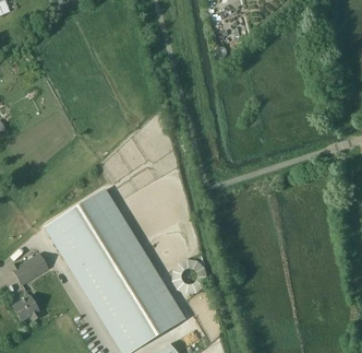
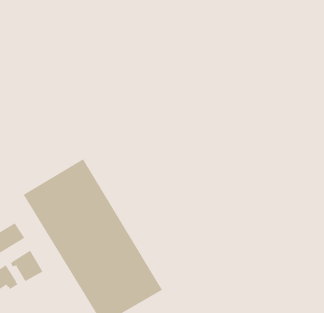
building: none -> [10,250,43,282]

